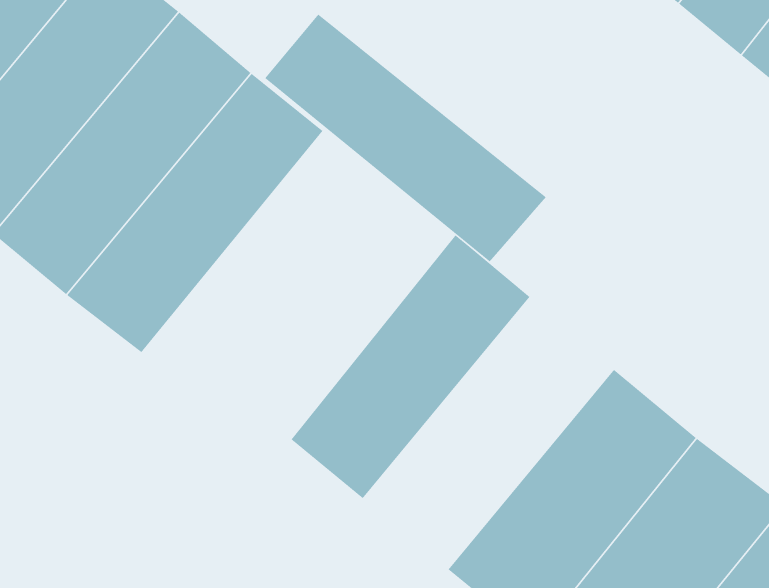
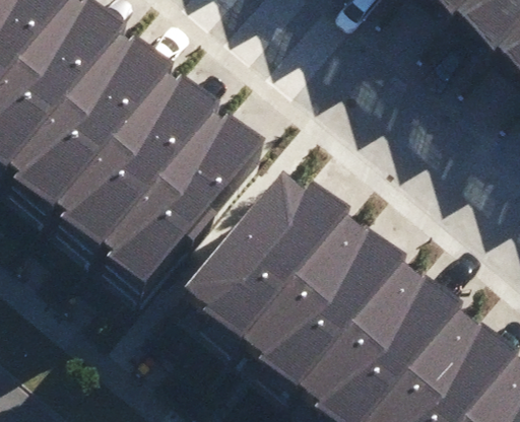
building: [264,13,547,262] -> none
building: none -> [103,107,265,287]
building: none -> [246,214,408,391]

